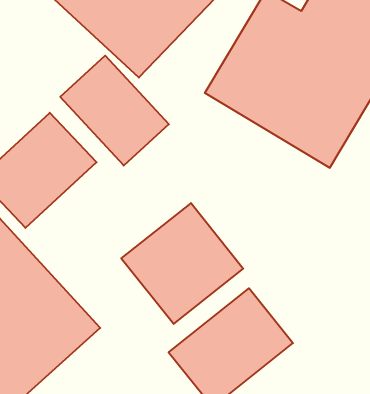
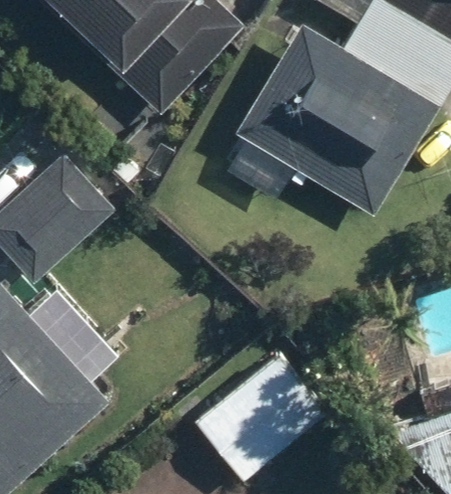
building: [60,56,169,166] -> none
building: [121,203,243,324] -> none

